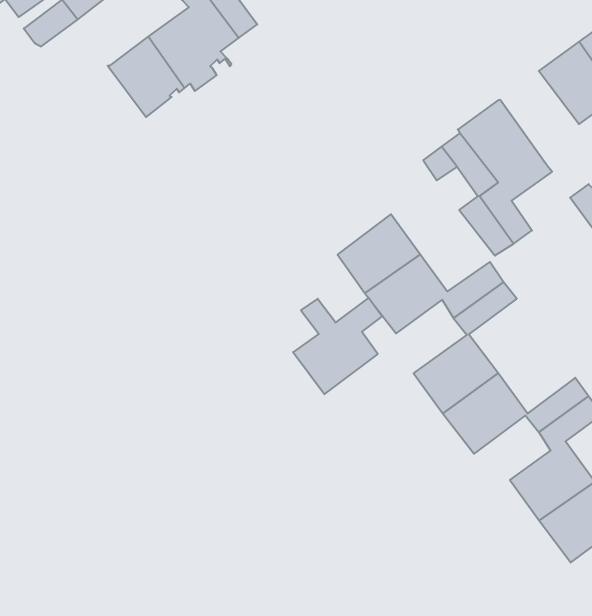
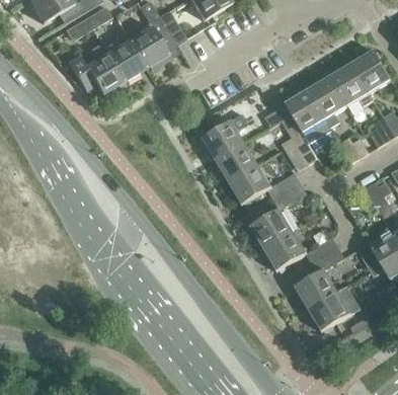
building: none -> [71,43,125,96]
building: none -> [305,76,347,126]
building: [293,298,382,394] -> [203,111,250,161]

